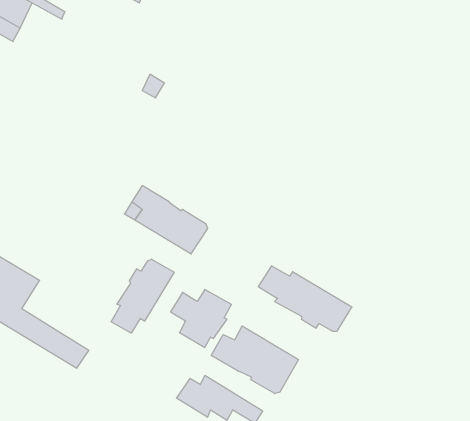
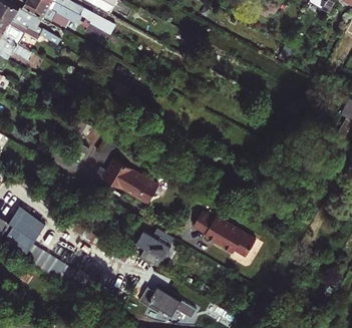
building: [111,259,174,333] -> none
building: [211,326,298,394] -> none

